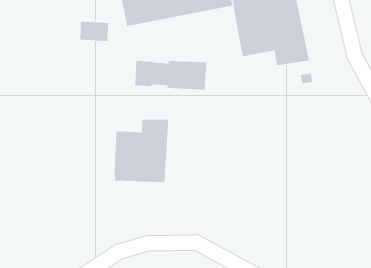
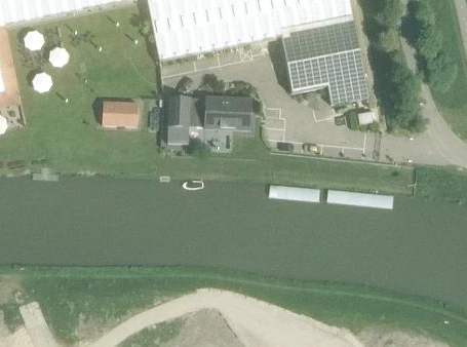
building: [79,21,109,42] -> [104,104,138,127]
building: [114,119,169,183] -> none

